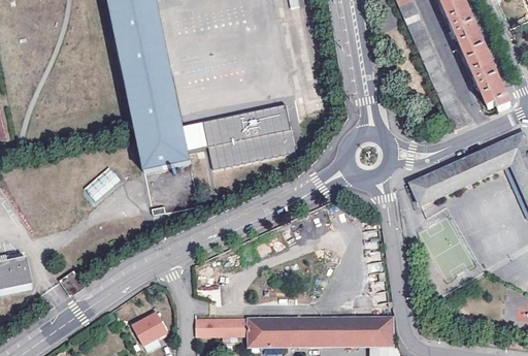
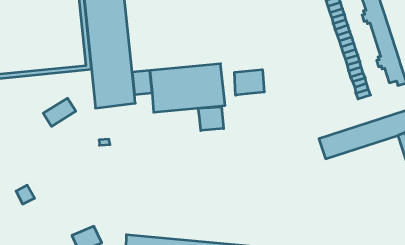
building: none -> [235,70,264,95]
building: none -> [198,107,224,131]

